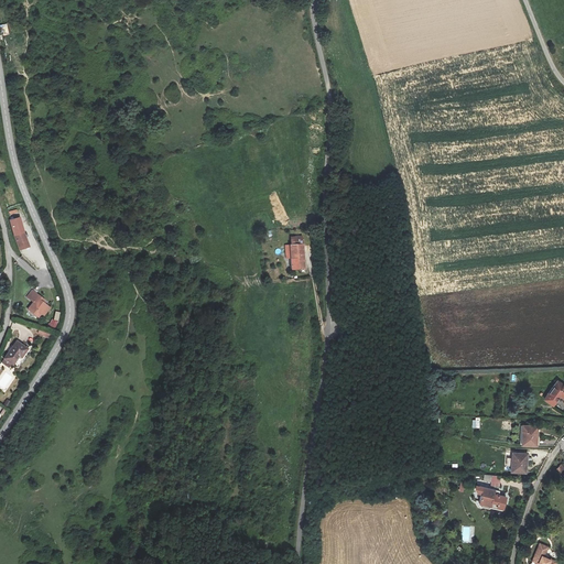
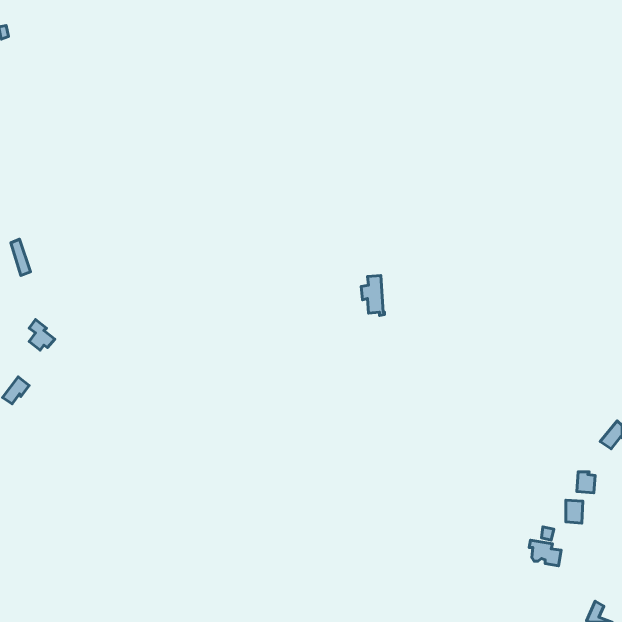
building: [284,235,305,271] -> [361,275,384,316]

